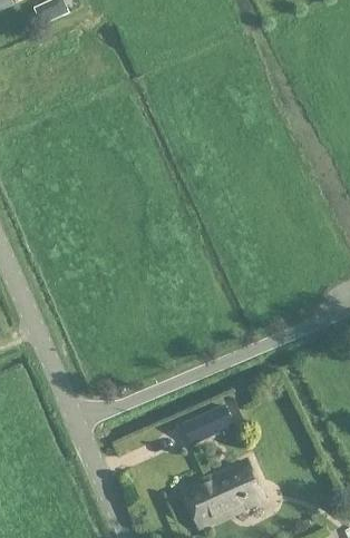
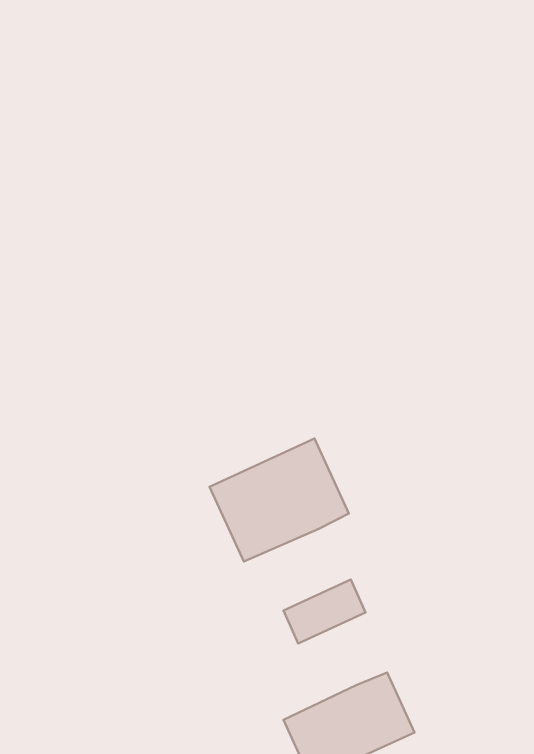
building: none -> [210,439,349,562]

